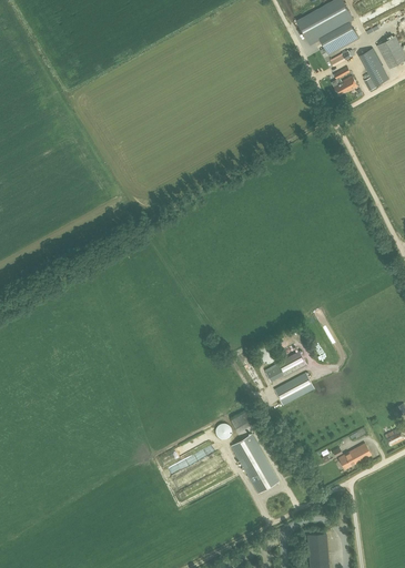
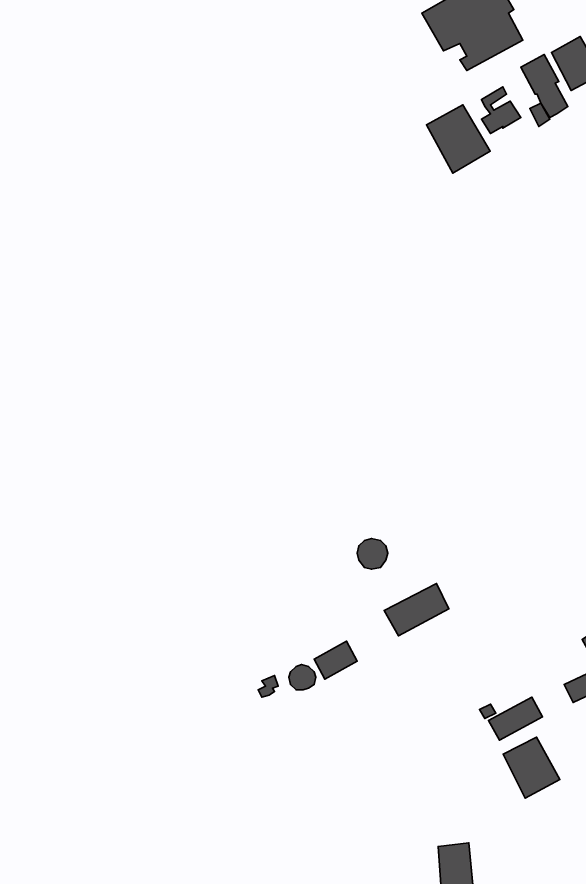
building: none -> [426,105,490,173]
building: [263,349,306,382] -> none
building: [230,434,279,493] -> none
building: none -> [503,737,560,798]

